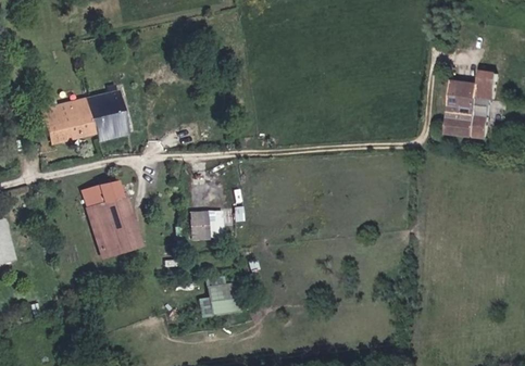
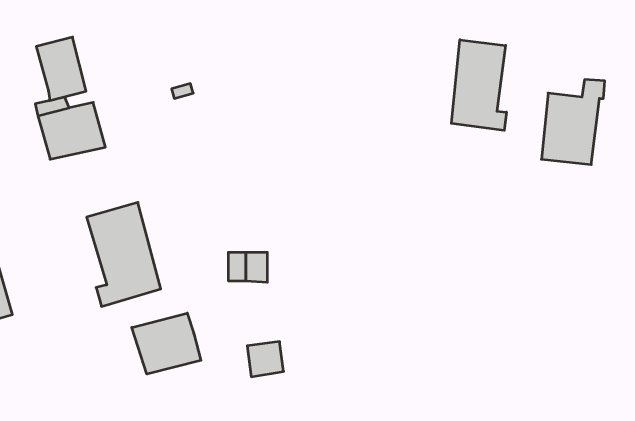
building: none -> [451,40,506,130]
building: [84,87,124,138] -> [36,37,86,101]
building: none -> [132,313,201,374]

